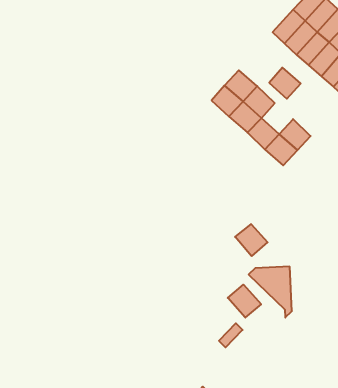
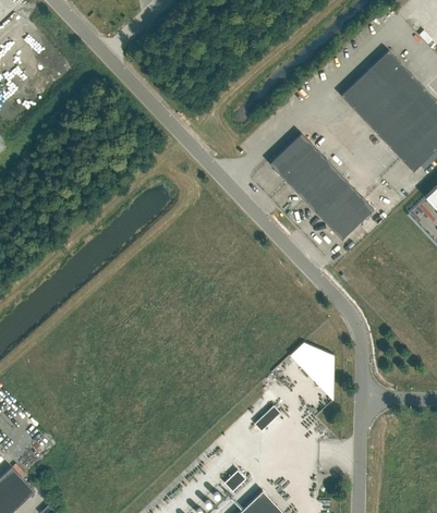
building: [269,68,301,99] -> [321,172,355,206]
building: [235,224,268,256] -> none
building: [228,285,261,318] -> none

